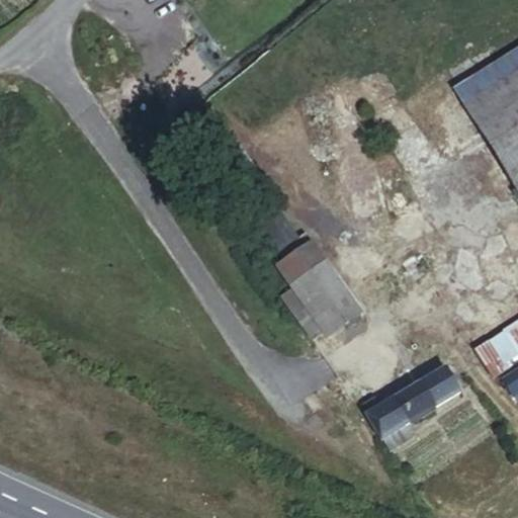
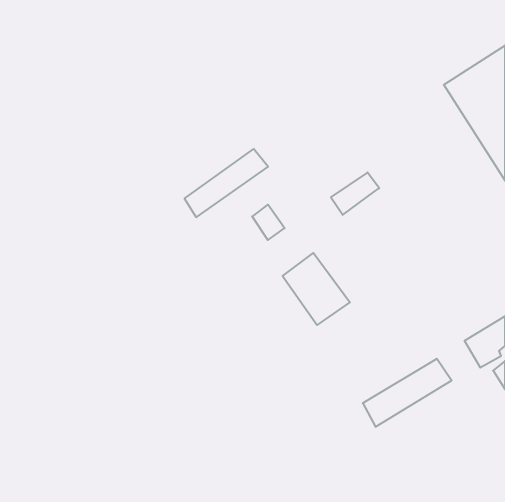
building: none -> [185,149,268,217]
building: [277,239,327,282] -> [331,172,379,215]

